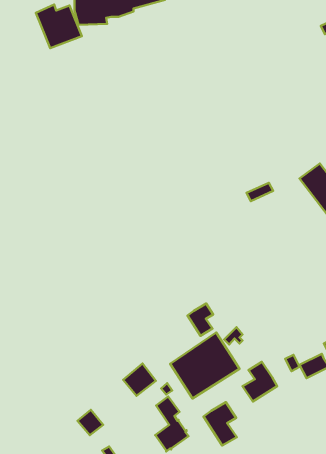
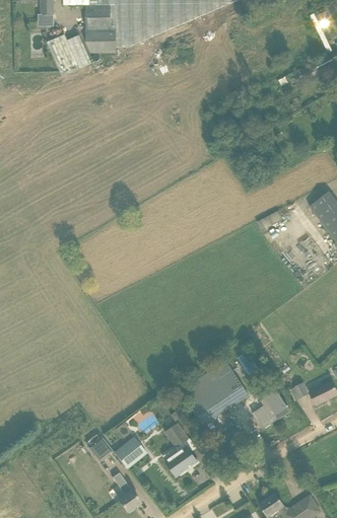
building: [187,304,213,336] -> none
building: [123,363,156,396] -> [114,436,146,468]
building: [204,402,237,446] -> none

